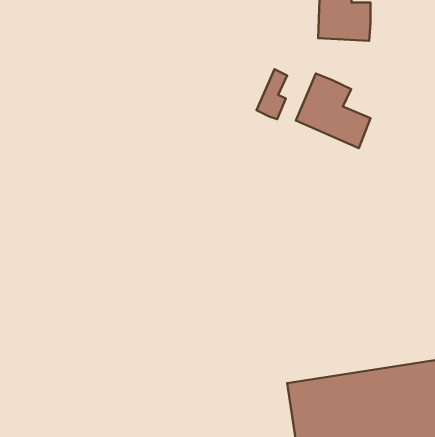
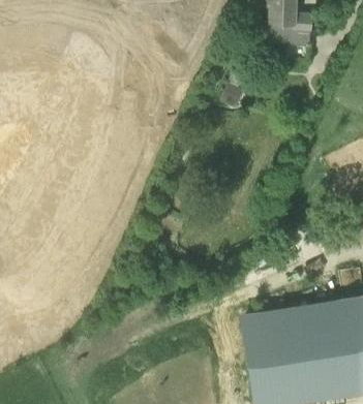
building: [296,73,370,148] -> none

